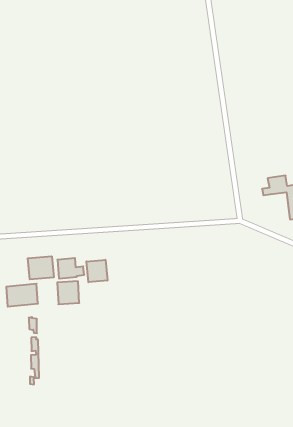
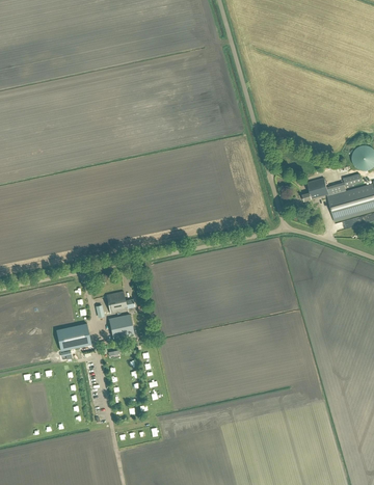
building: [28,256,54,279] -> none
building: [86,260,107,282] -> none

